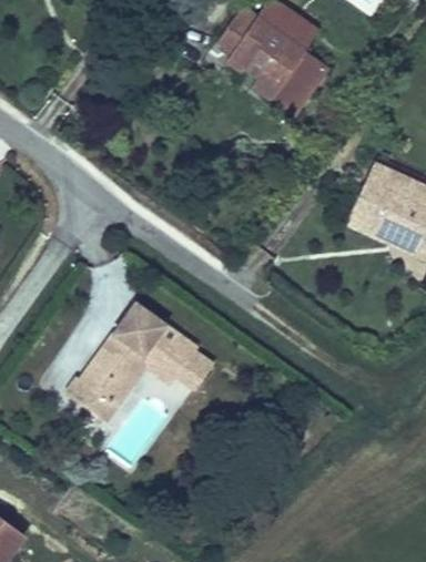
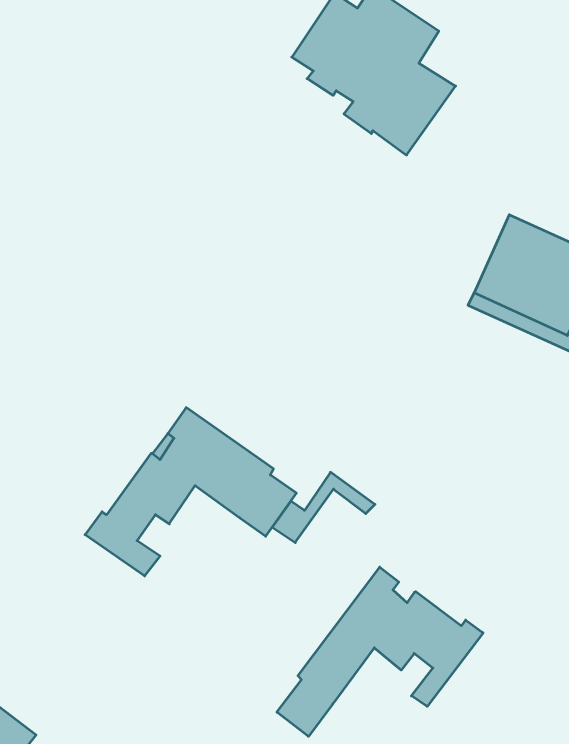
building: [101,356,175,407] -> [272,472,375,543]
building: none -> [277,567,483,736]

